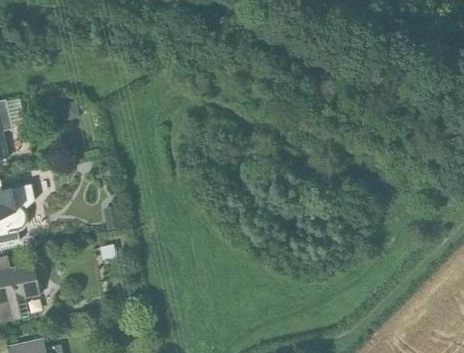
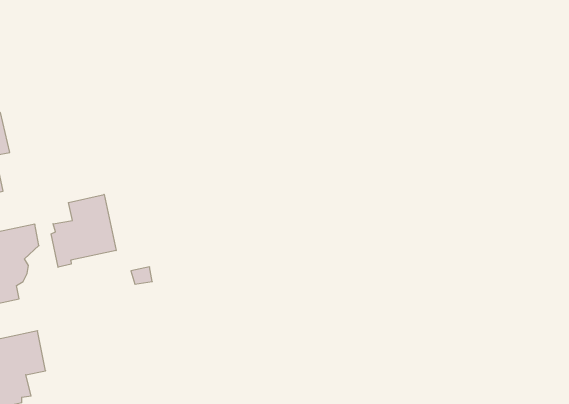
building: none -> [51,194,116,267]

